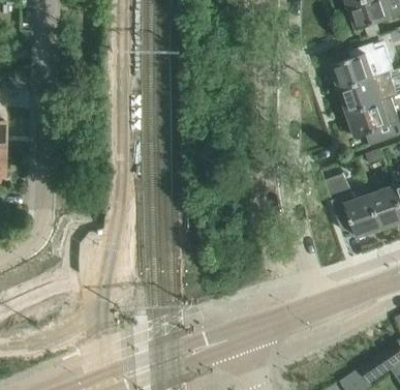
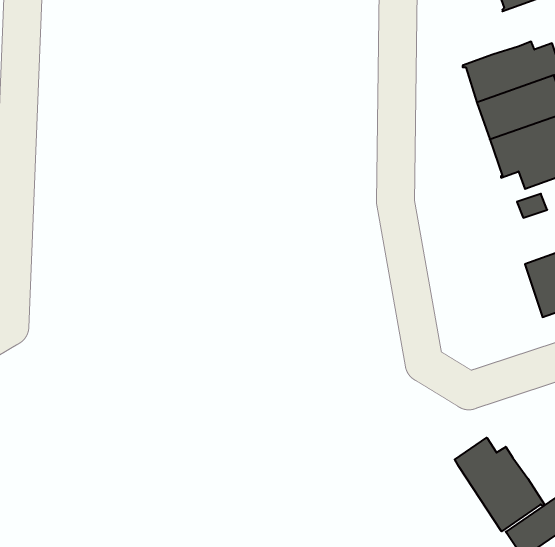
building: [320,170,381,239] -> none
building: none -> [455,438,544,531]

